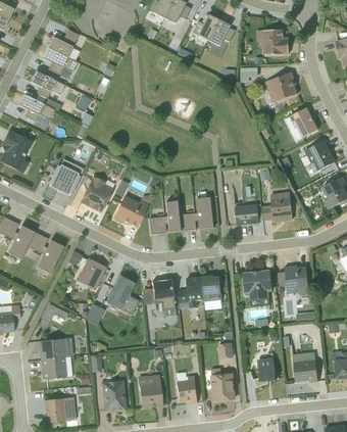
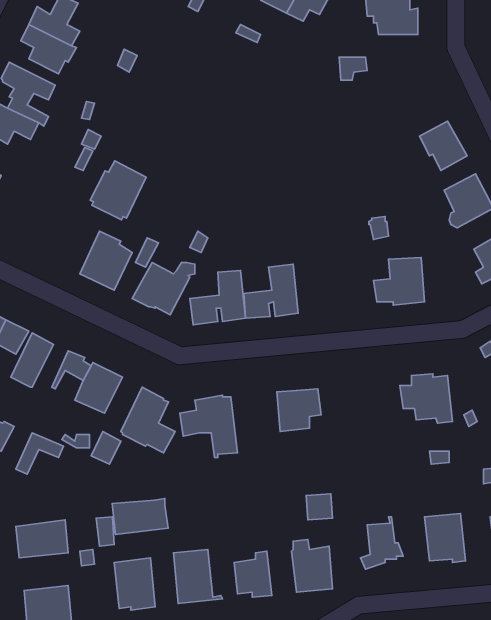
building: [265,71,298,102] -> none
building: [47,158,82,195] -> [90,161,146,220]
building: [235,203,262,225] -> none
building: [243,269,272,299] -> none
building: [178,276,203,307] -> none
building: [37,337,71,359] -> [112,498,168,535]

